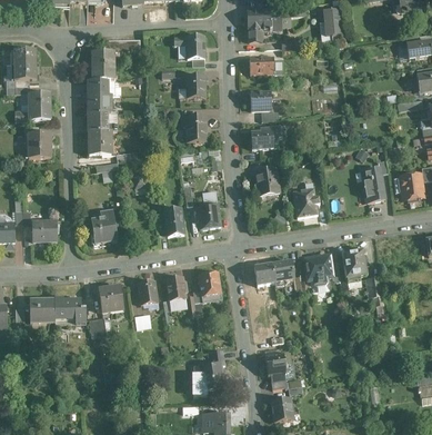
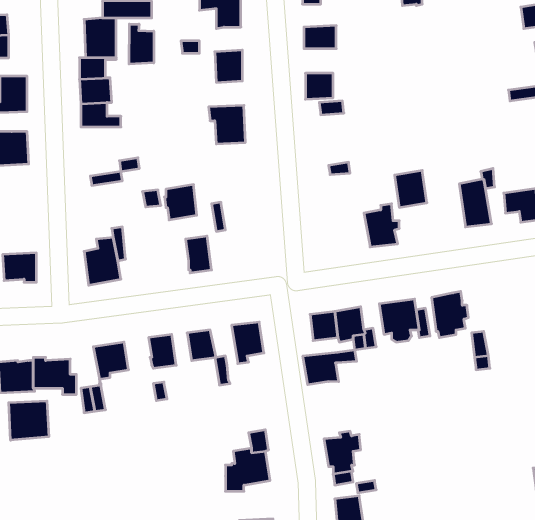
building: none -> [129,24,154,64]
building: [250,126,279,147] -> none
building: [88,129,110,155] -> none
building: [254,166,278,192] -> [395,170,427,207]
building: [195,202,219,228] -> [164,185,197,220]
building: none -> [303,350,357,385]
building: none -> [9,401,49,440]

